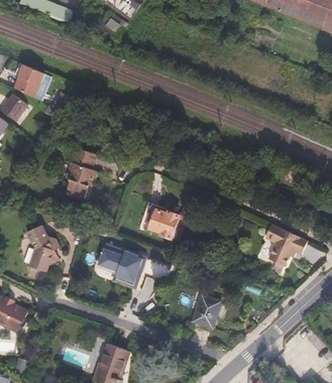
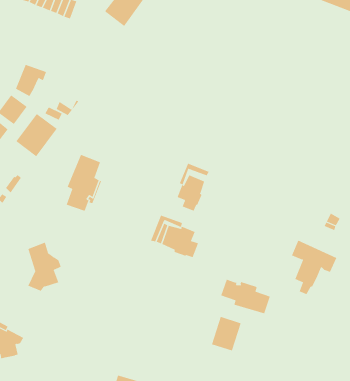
building: none -> [15,113,57,157]
building: none -> [177,163,210,212]
building: [96,240,142,282] -> none
building: none -> [221,279,270,314]

